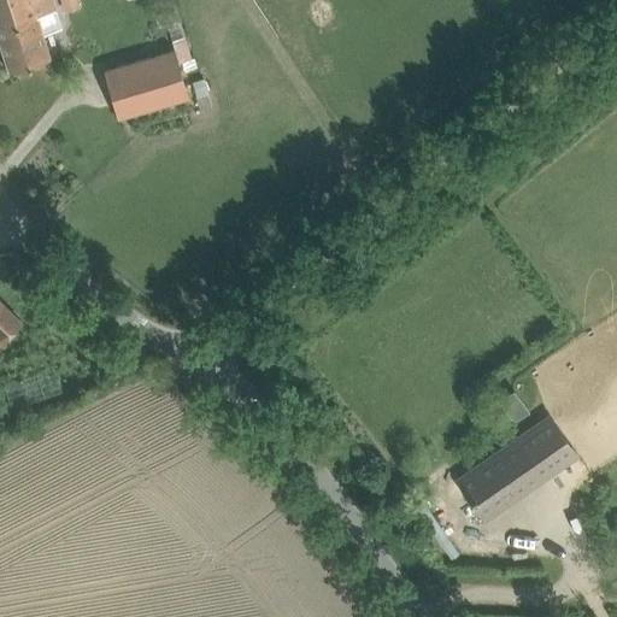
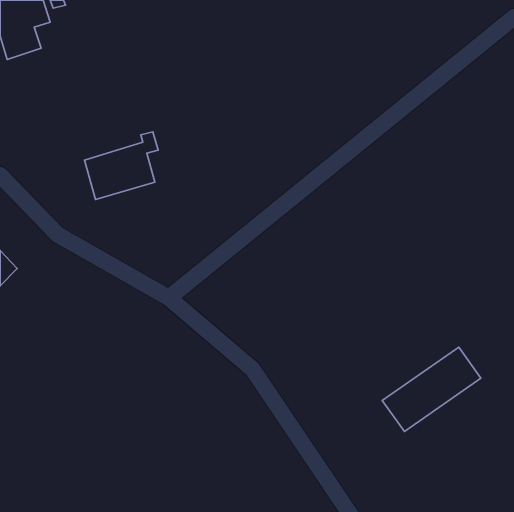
building: [104,39,192,119] -> [85,132,158,199]

